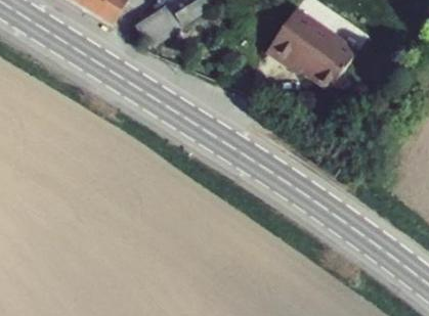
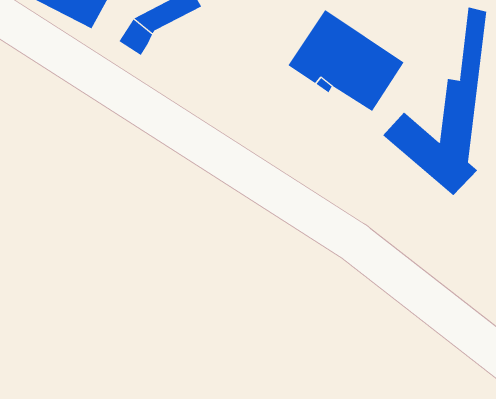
building: none -> [382,6,487,196]

